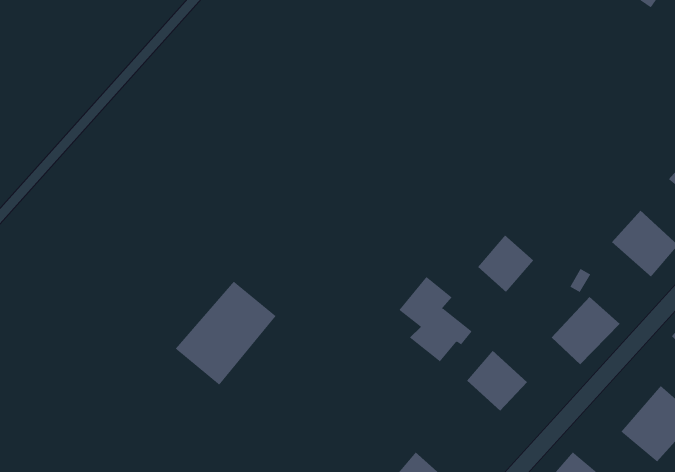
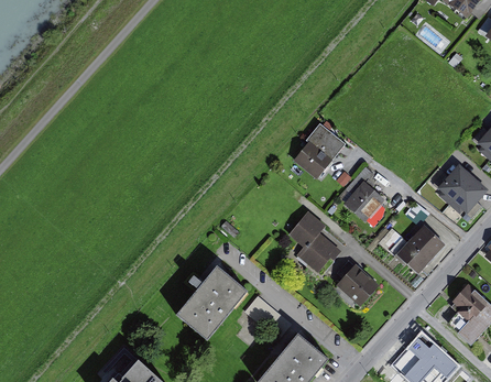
building: none -> [292,123,345,179]
building: [175,281,277,385] -> [176,269,249,343]

